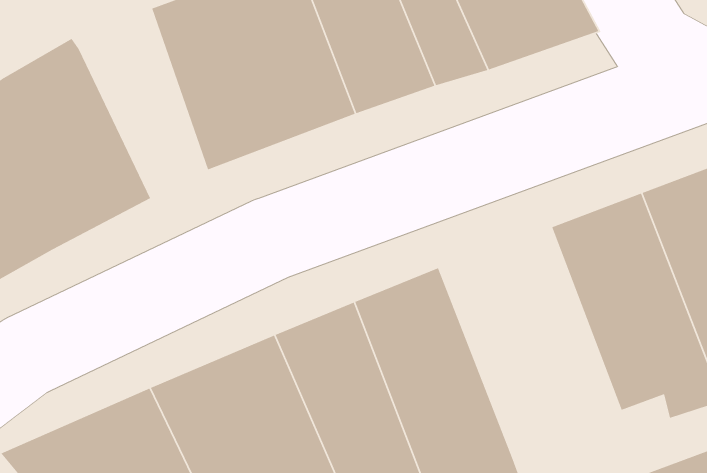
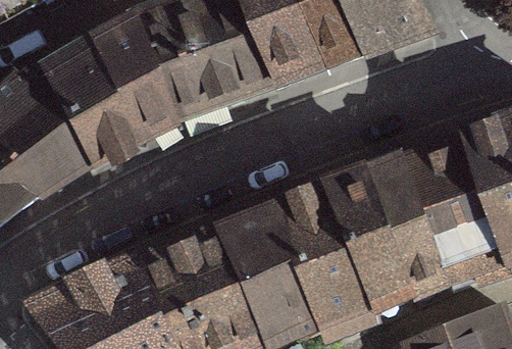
building: none -> [95,16,178,141]
building: none -> [329,159,449,311]

